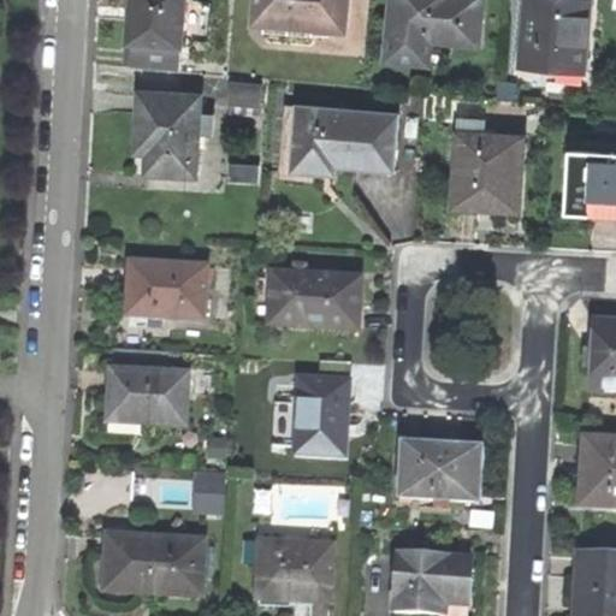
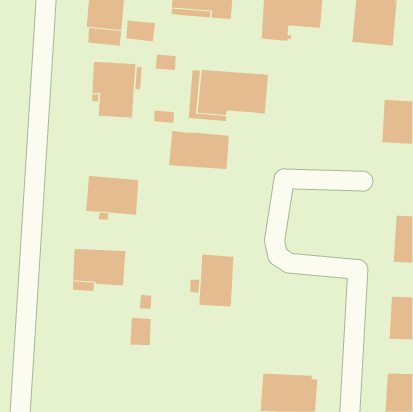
building: none -> [126,20,155,42]
building: [449,117,517,211] -> none
building: [268,272,360,330] -> [168,131,230,169]
building: [398,443,484,502] -> none
building: [105,534,205,594] -> none
building: [254,541,327,602] -> none

